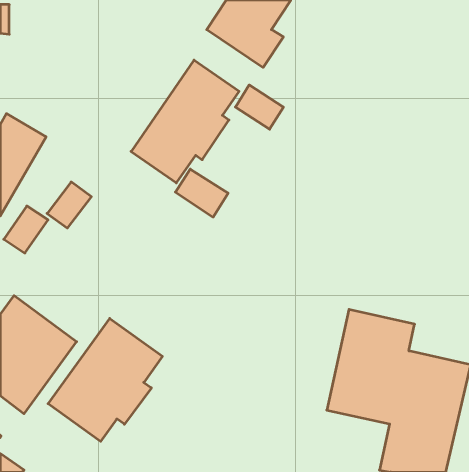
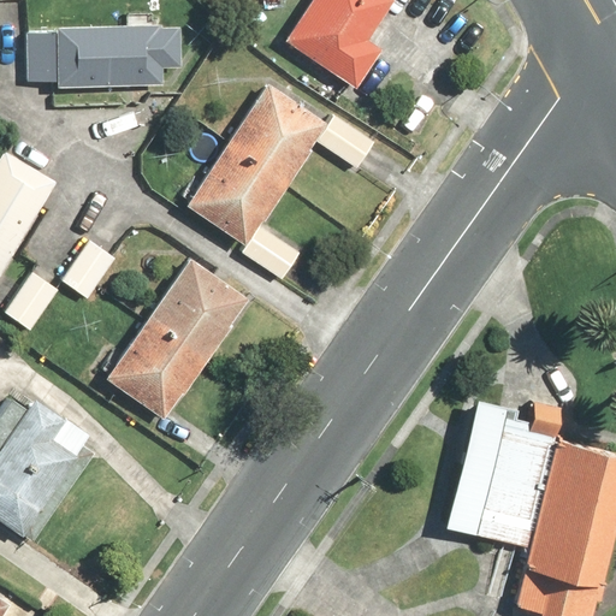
building: none -> [17,22,173,87]
building: none -> [103,256,256,416]
building: [48,318,162,441] -> none

